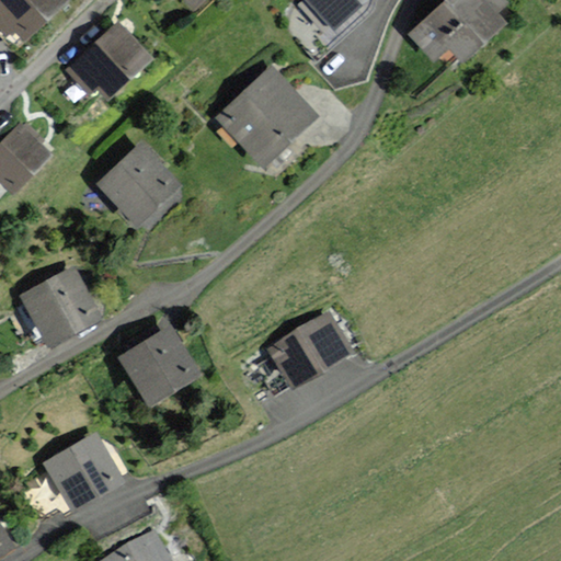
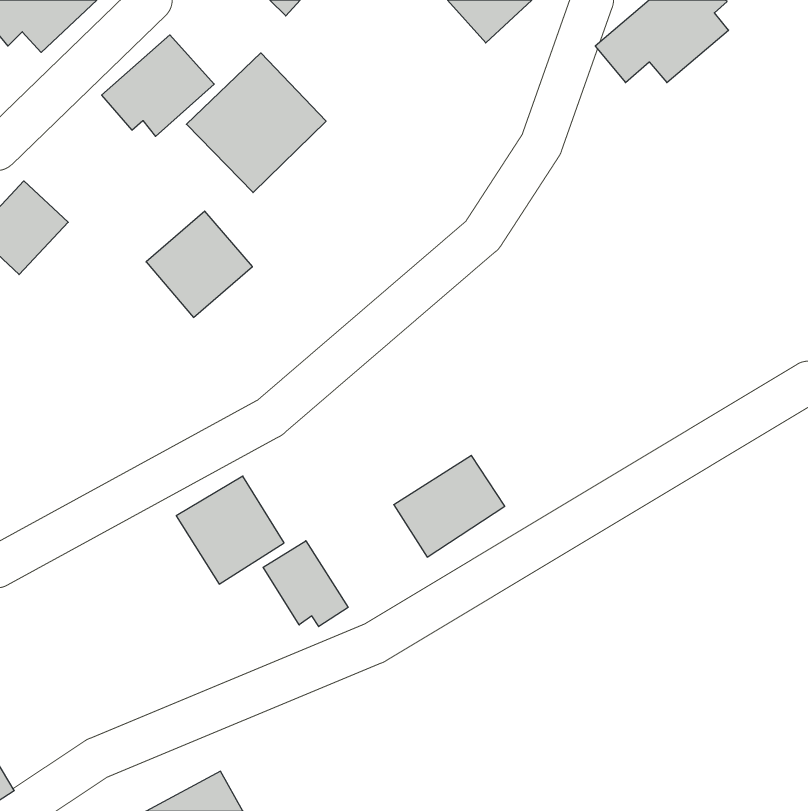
building: [219,67,316,163] -> [186,53,326,193]
building: [23,268,99,344] -> none
building: none -> [263,541,348,627]
building: [47,435,119,506] -> none

